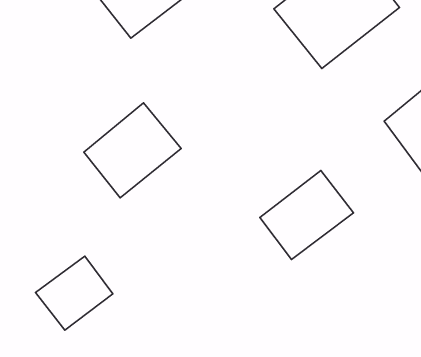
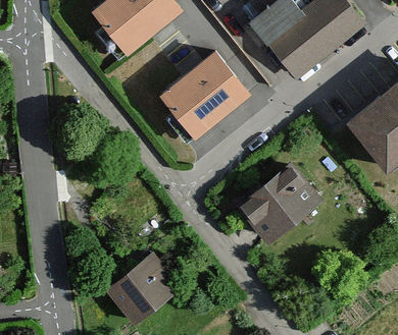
building: [84,103,181,198] -> [162,54,247,136]
building: [36,256,113,330] -> [108,256,176,320]

